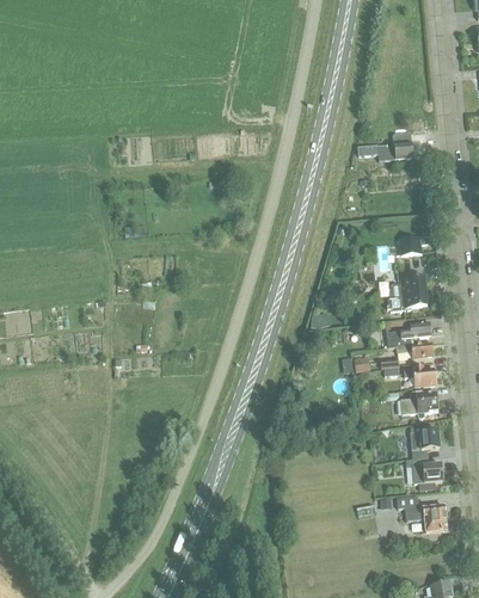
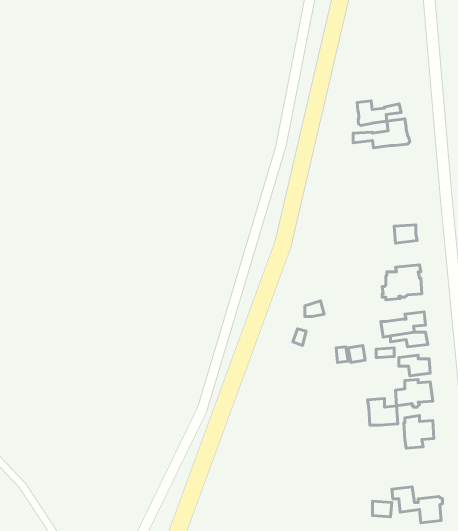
building: none -> [357,101,401,125]
building: [411,456,441,482] -> [368,399,398,425]

